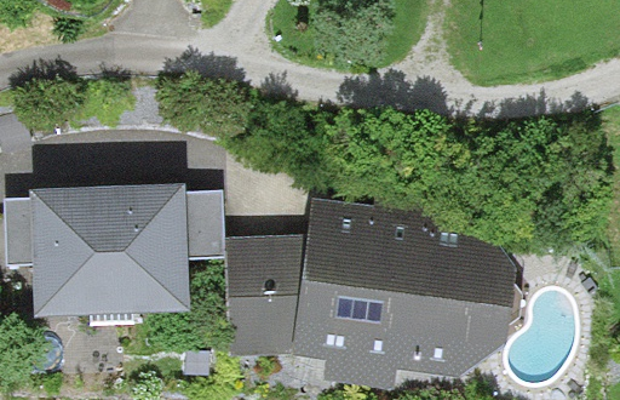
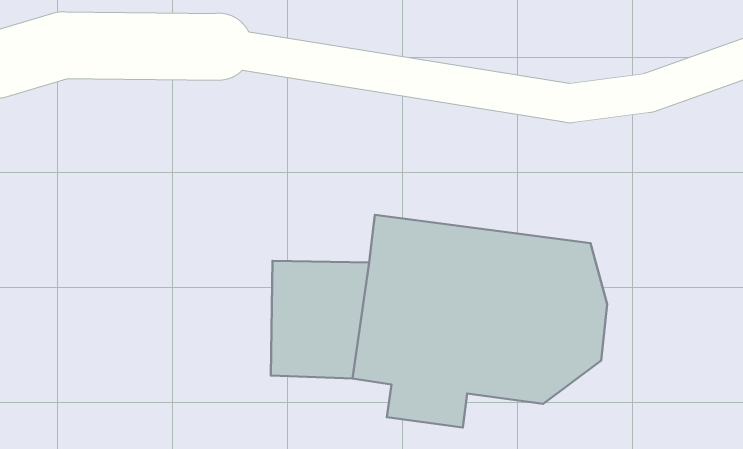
building: [40,210,174,314] -> none

